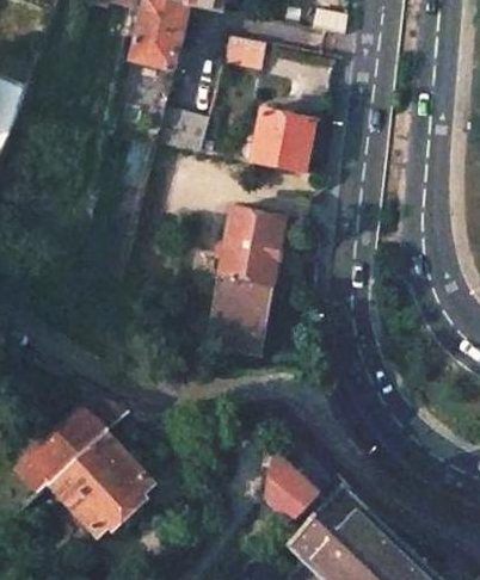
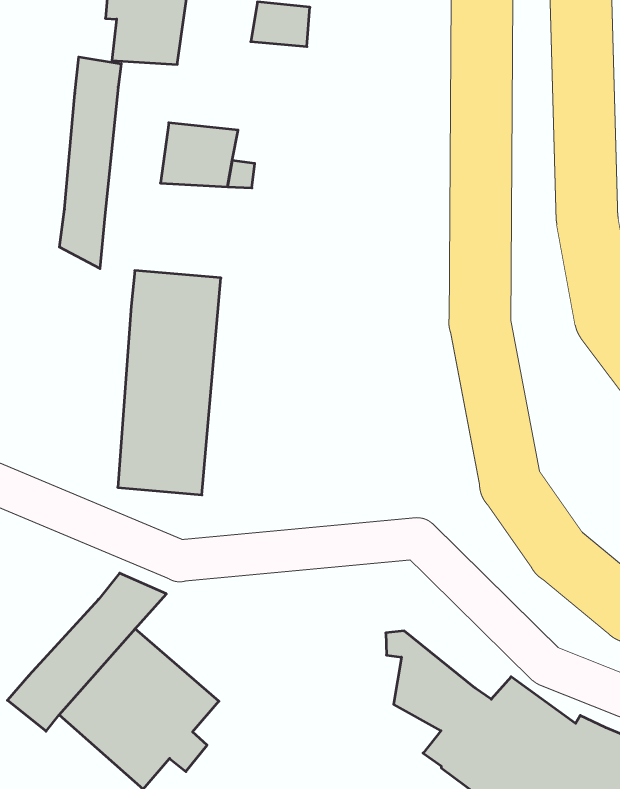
building: none -> [59,57,121,269]
building: [251,111,313,172] -> none
building: [204,208,285,357] -> [118,271,221,495]

